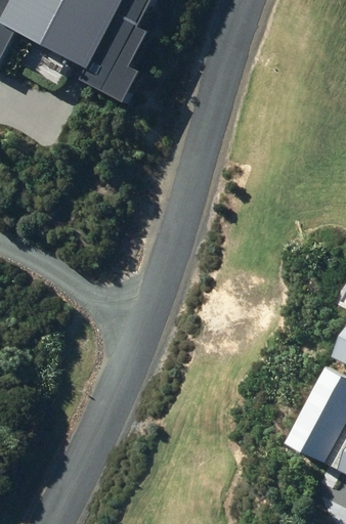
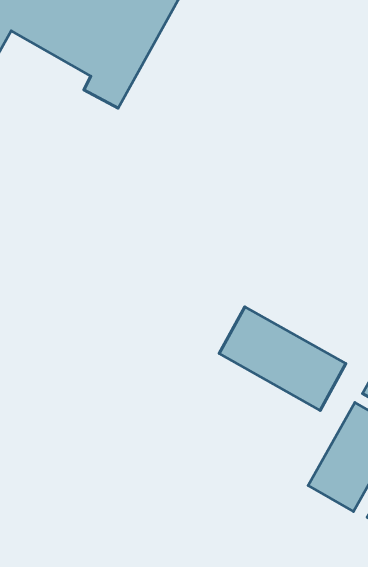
building: none -> [219,307,346,410]

